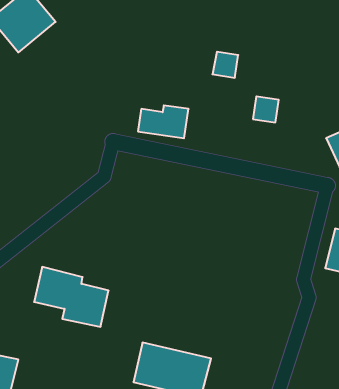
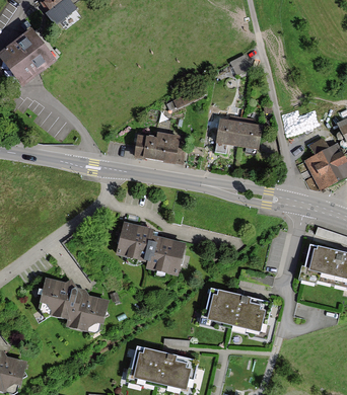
building: [212,52,238,78] -> [216,121,239,144]
building: none -> [120,220,186,273]
building: none -> [204,286,274,335]

